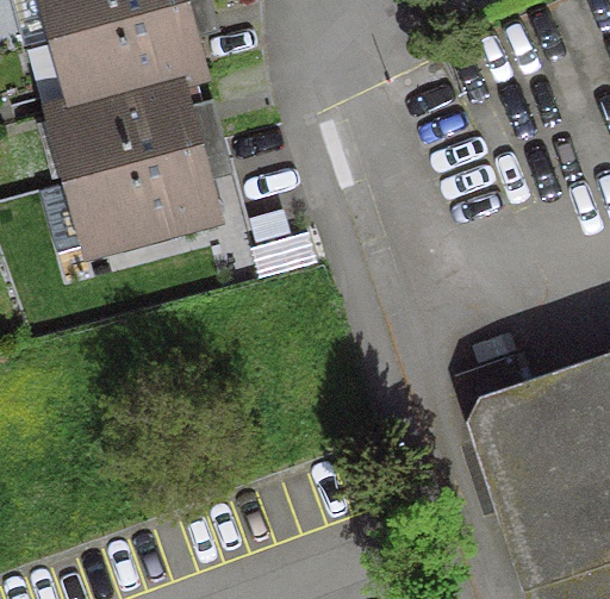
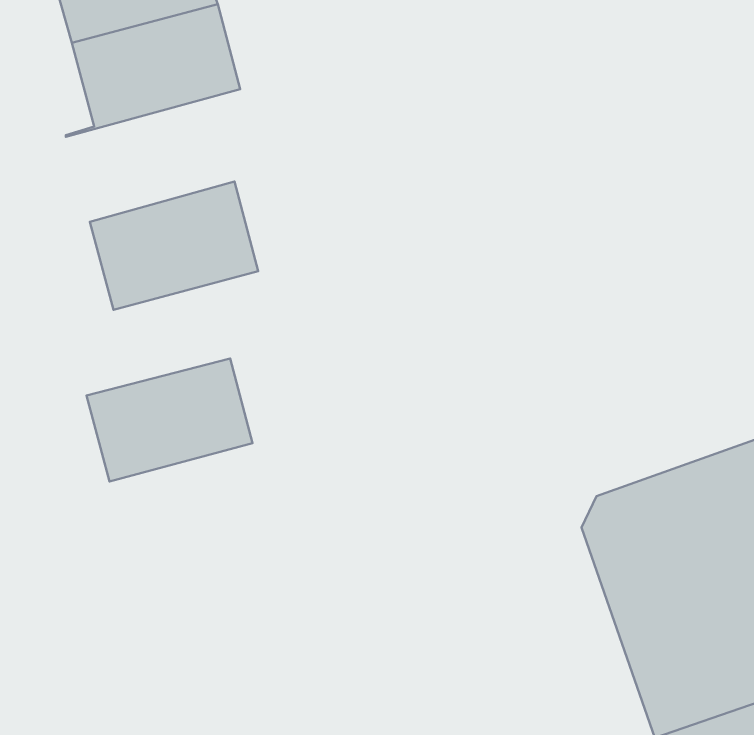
building: [57,73,197,179] -> none
building: none -> [86,359,253,482]

